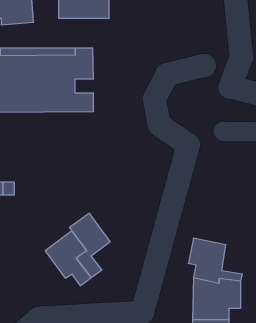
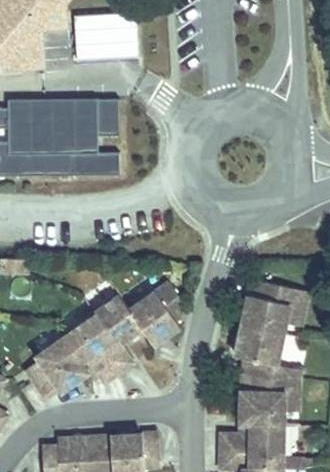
building: none -> [240,278,305,332]
building: none -> [126,280,184,342]
building: none -> [25,339,86,398]

